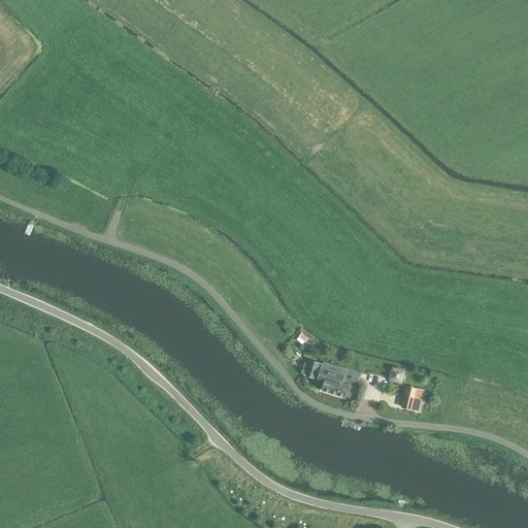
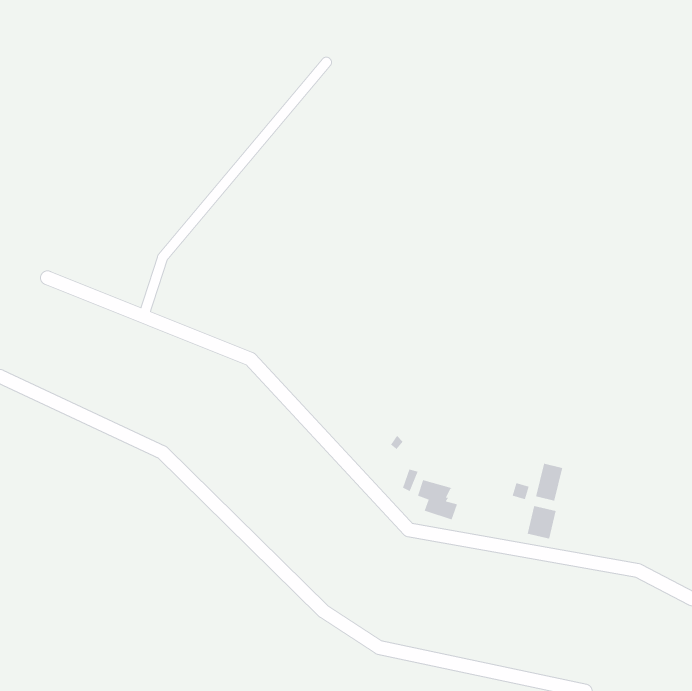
building: none -> [536,463,563,502]

